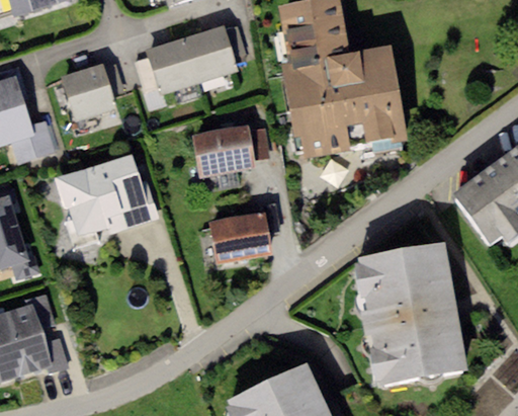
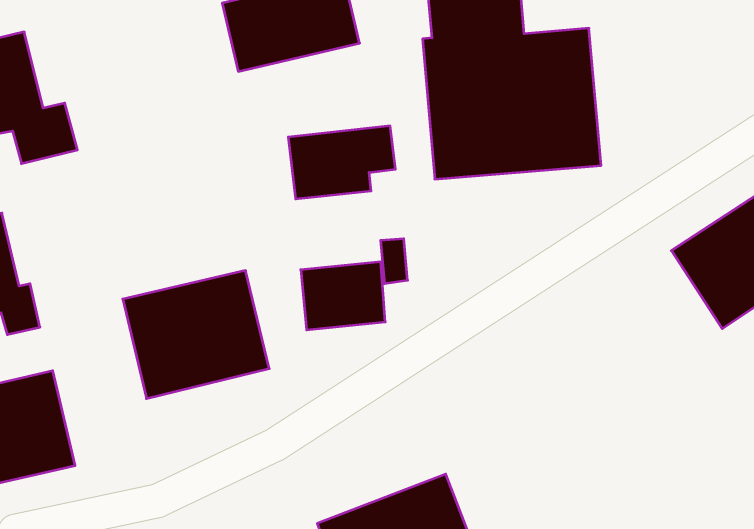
building: [62,64,116,121] -> none
building: [55,151,154,239] -> [123,271,269,399]
building: [356,235,465,375] -> none

